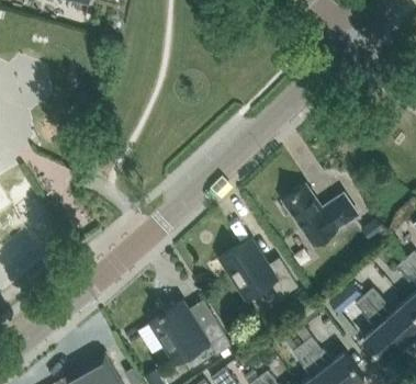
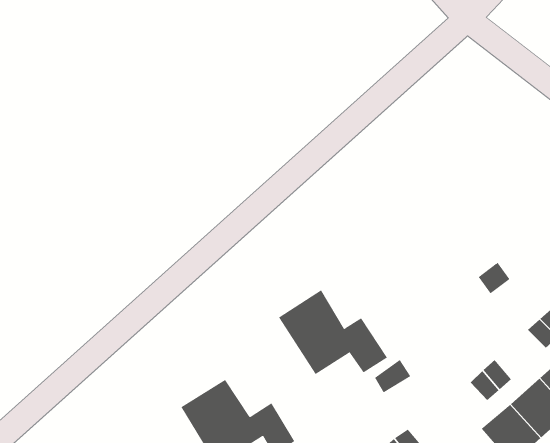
building: [281,187,359,248] -> none

